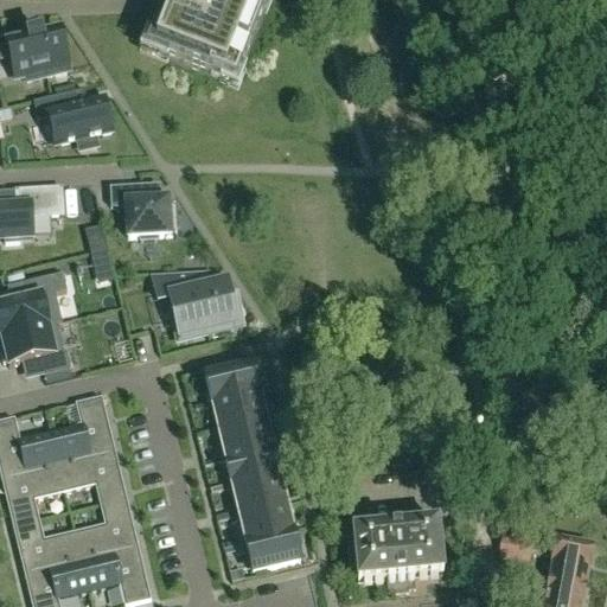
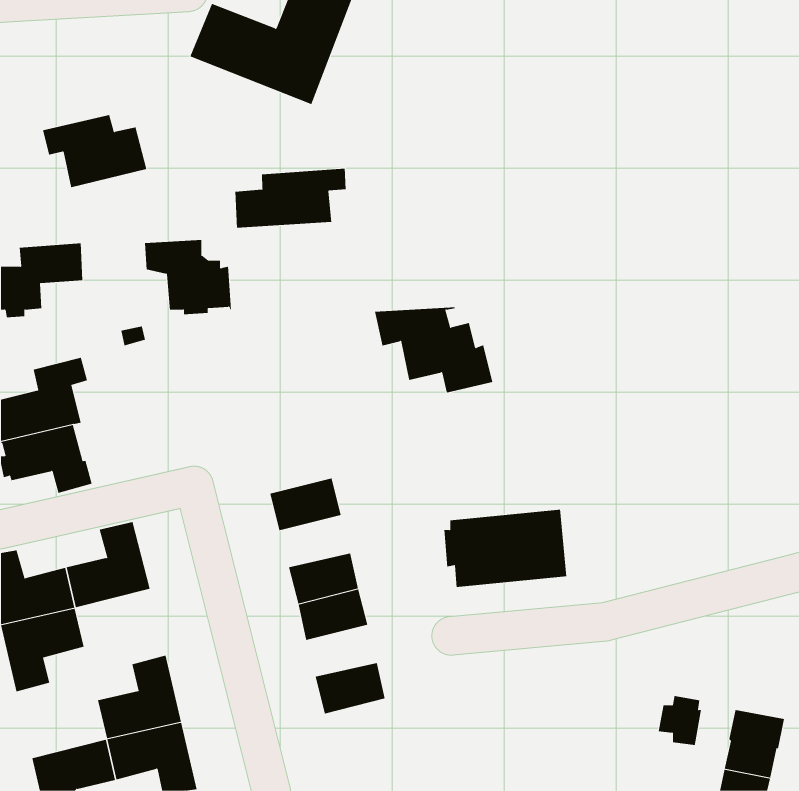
building: [7,27,69,78] -> none
building: none -> [235,168,346,229]
building: [153,268,243,333] -> [374,307,493,393]
building: [212,390,267,429] -> none
building: [58,446,127,503] -> none
building: [232,473,287,512] -> none
building: [13,517,82,574] -> none
building: [350,520,443,580] -> [443,509,567,588]
building: [247,529,300,569] -> none

